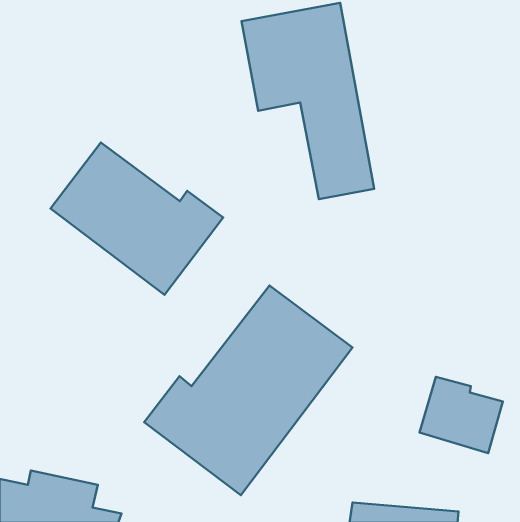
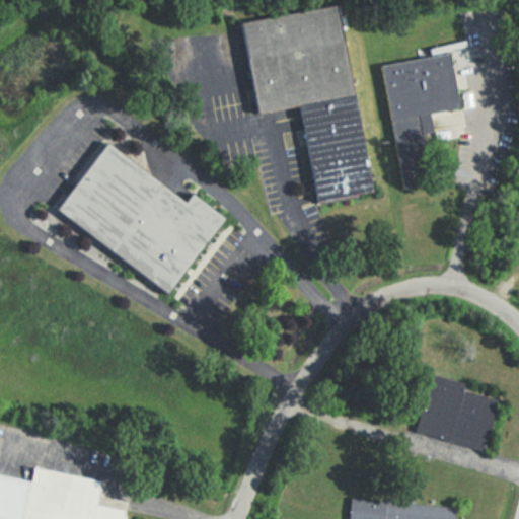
building: none -> [383,52,462,187]
building: [144,285,353,495] -> none

